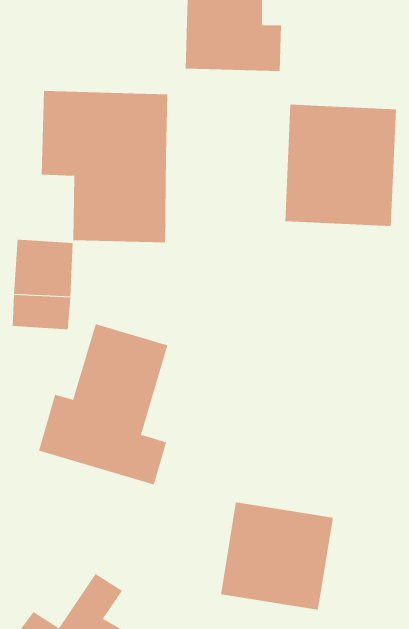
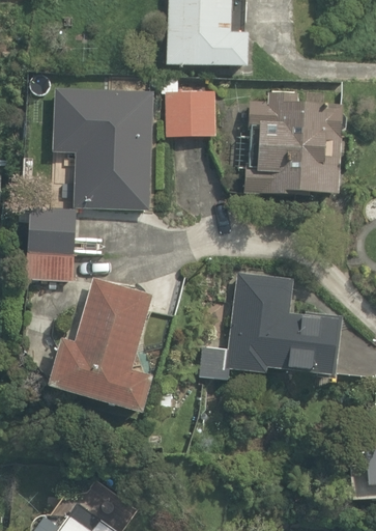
building: none -> [152,88,216,140]
building: none -> [198,272,340,389]
building: [220,501,334,611] -> none

